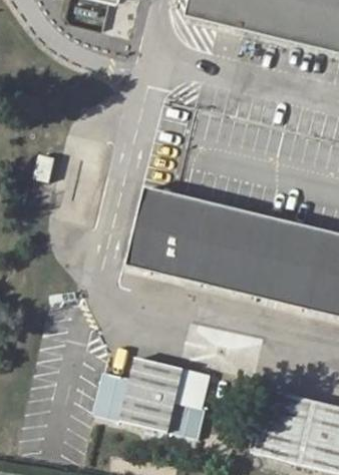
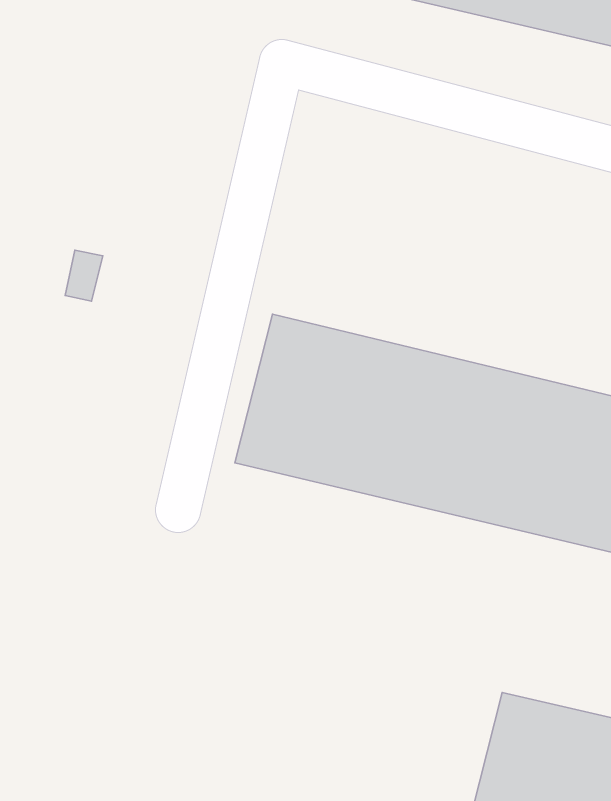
building: [94,356,215,438] -> none

